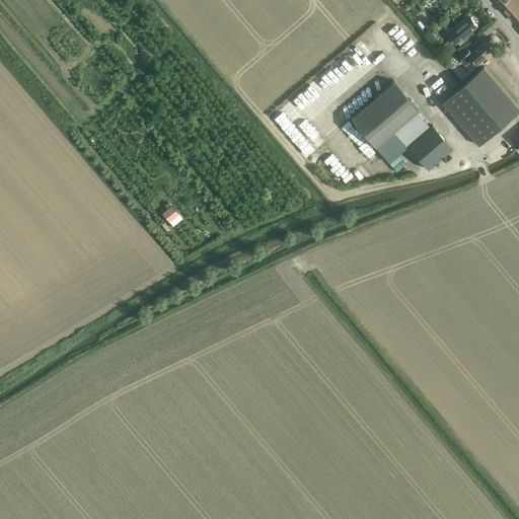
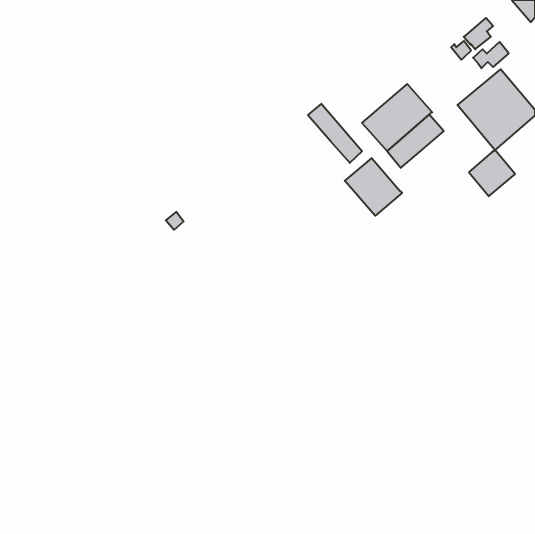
building: none -> [308,104,362,163]
building: [406,127,451,171] -> [469,150,515,196]
building: none -> [345,158,402,216]

